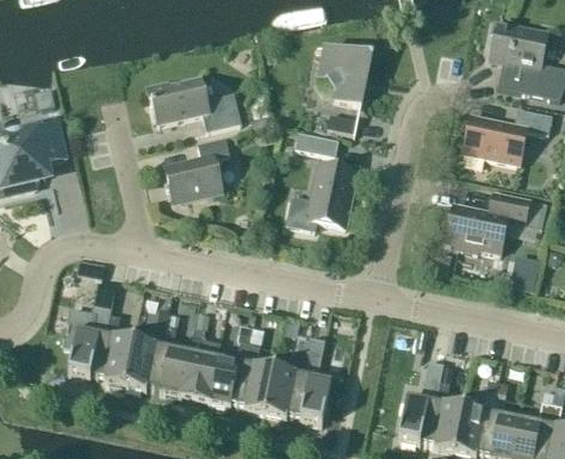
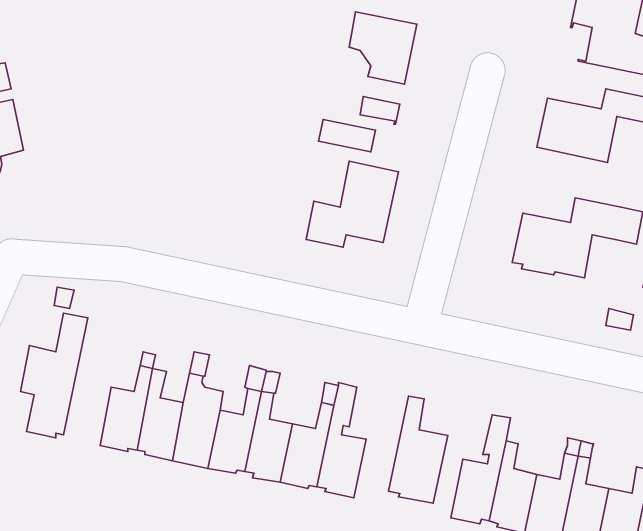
building: [147,77,241,131] -> none
building: [166,136,230,200] -> none
building: [97,314,134,384] -> none
building: none -> [388,396,448,503]

